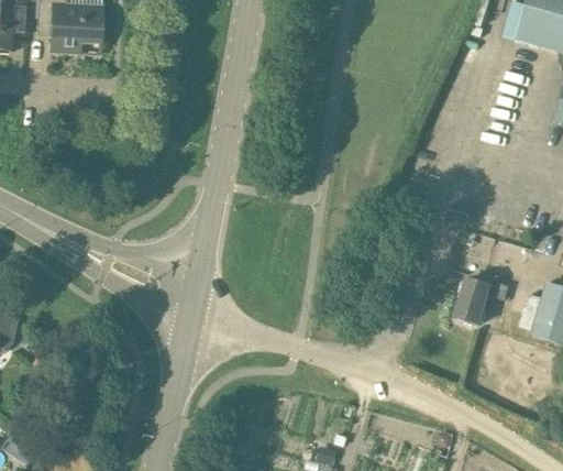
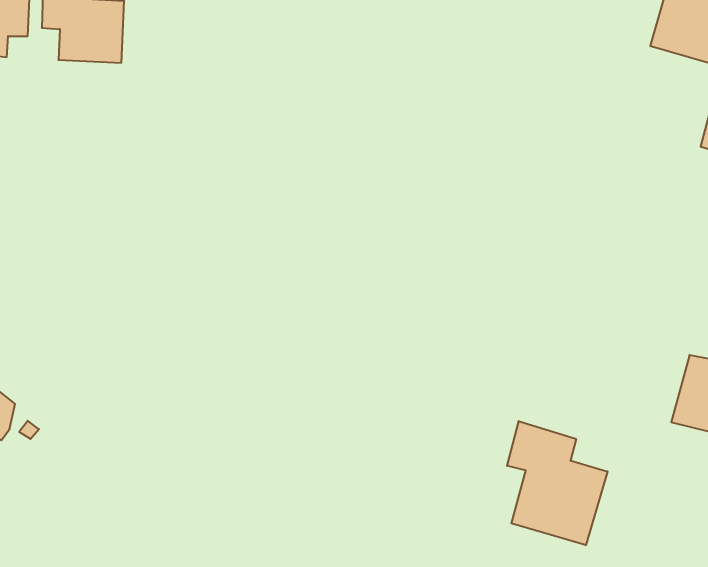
building: [454,277,507,322] -> none
building: none -> [507,421,608,545]

